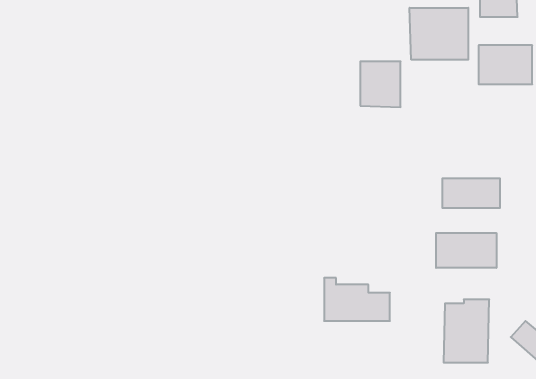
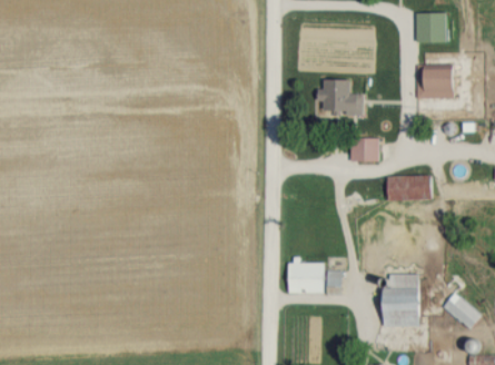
building: [410,8,468,60] -> none
building: none -> [350,137,378,160]
building: [436,233,496,268] -> none

